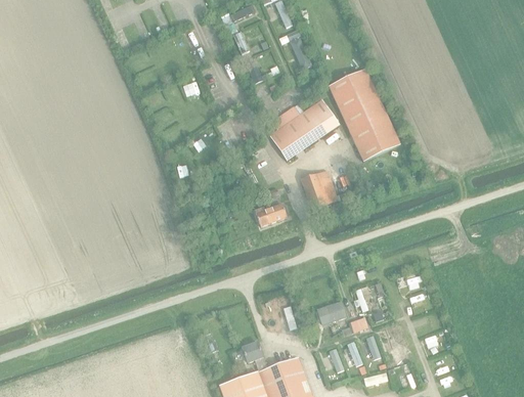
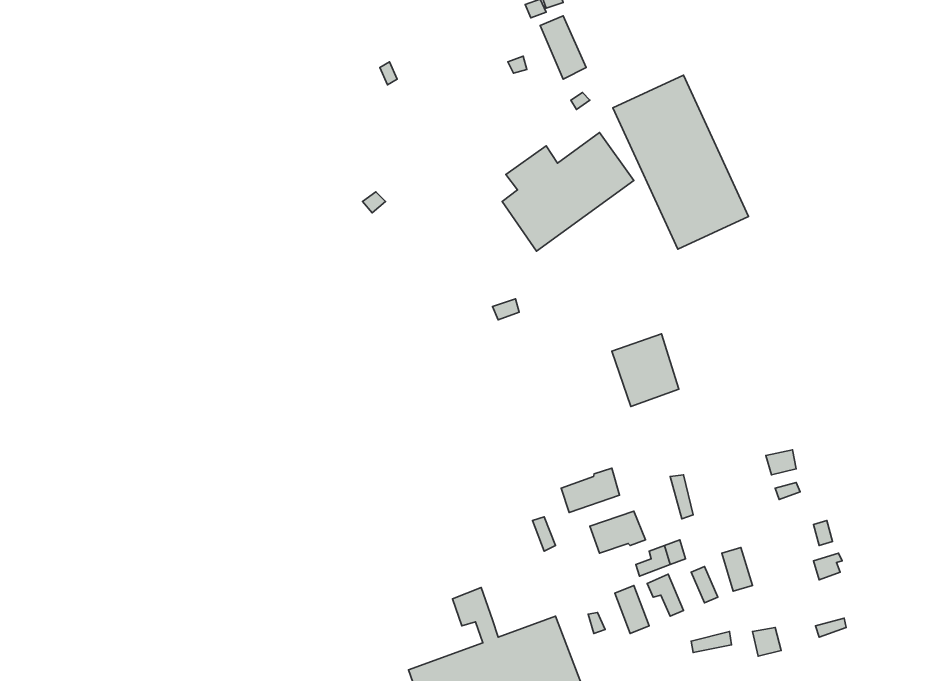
building: [301,171,337,210] -> [612,334,679,406]
building: [255,205,287,226] -> none
building: none -> [561,468,619,513]

